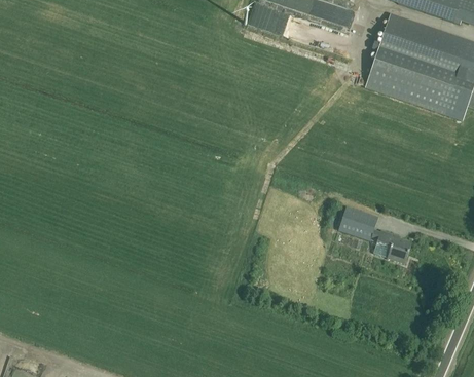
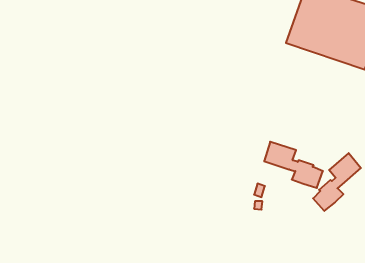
building: none -> [313,153,361,211]

